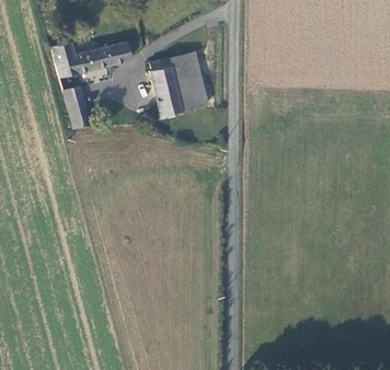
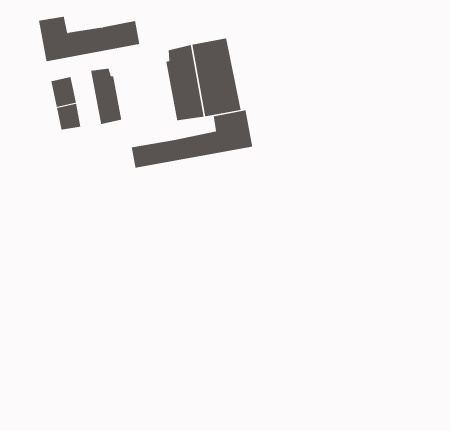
building: none -> [90,68,122,125]
building: none -> [131,109,253,168]

